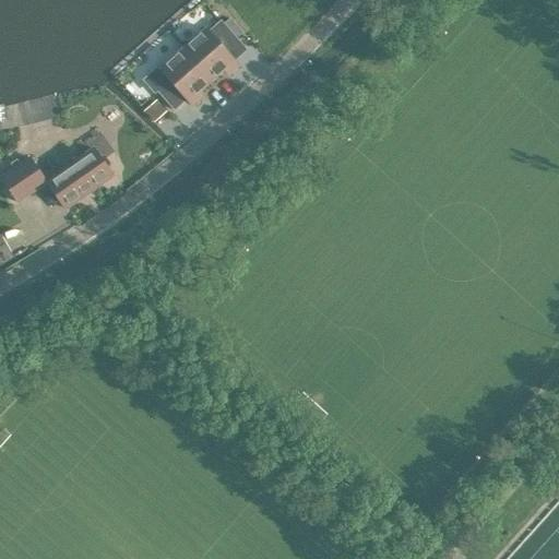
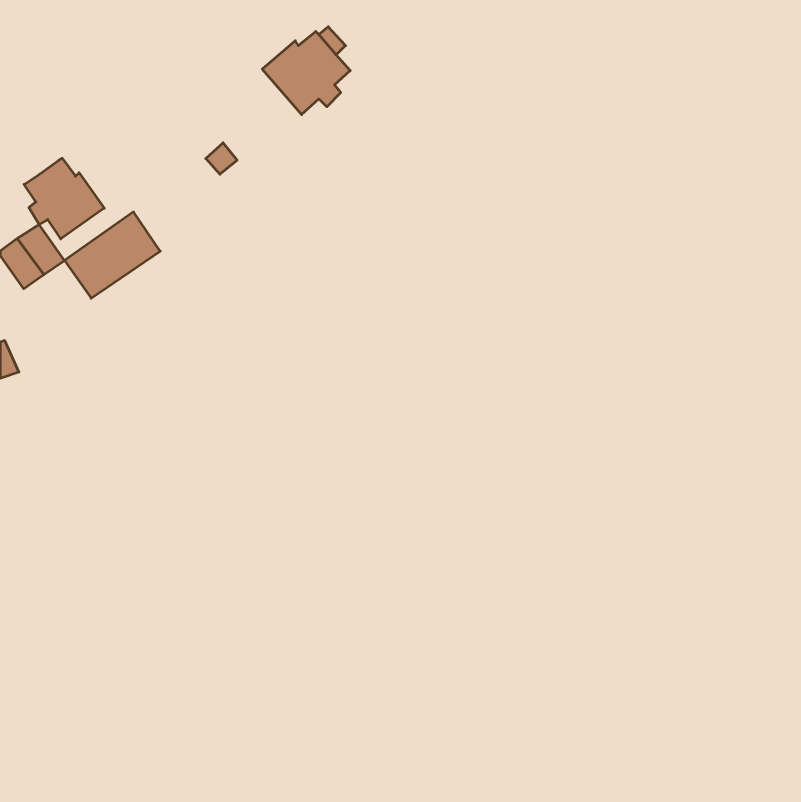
building: [144,48,211,110] -> none
building: none -> [24,158,104,239]

